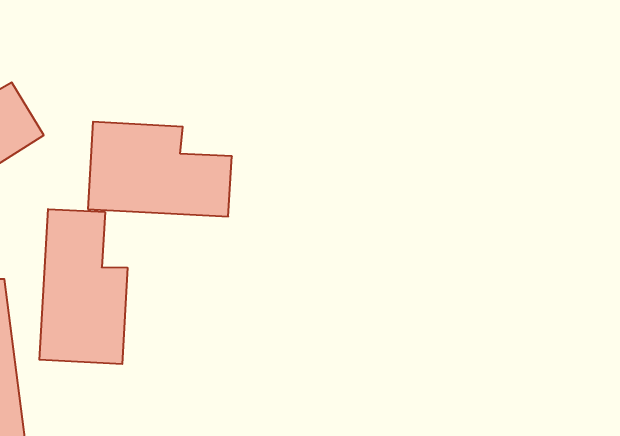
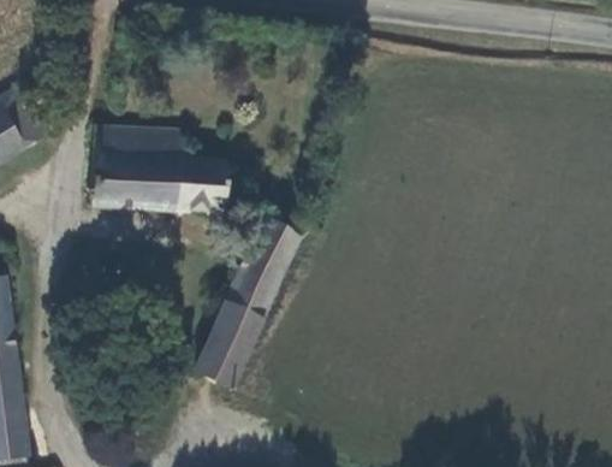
building: [39,209,127,364] -> none
building: none -> [190,215,303,390]

